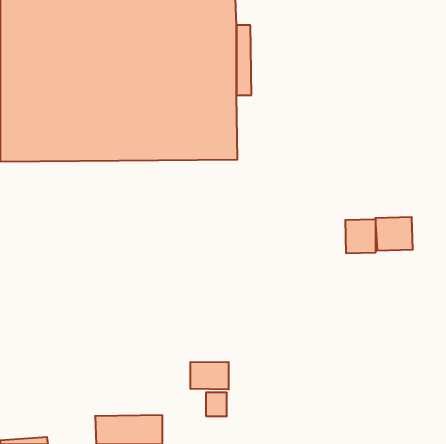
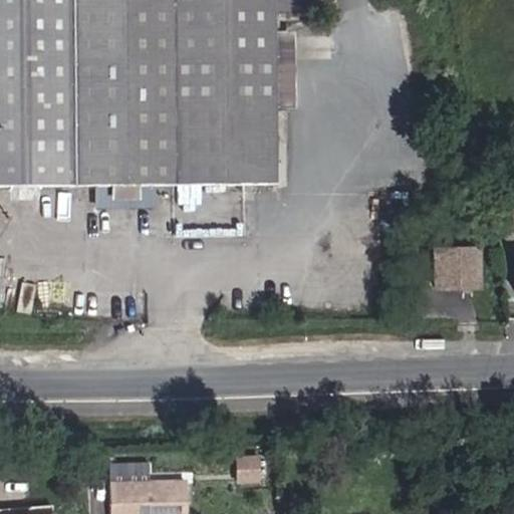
building: [345,219,375,253] -> none
building: [191,362,229,390] -> none

